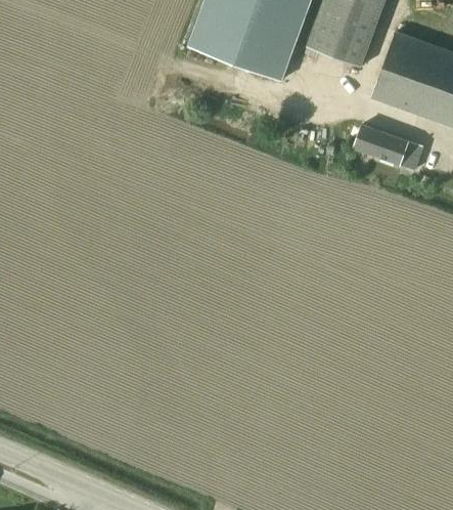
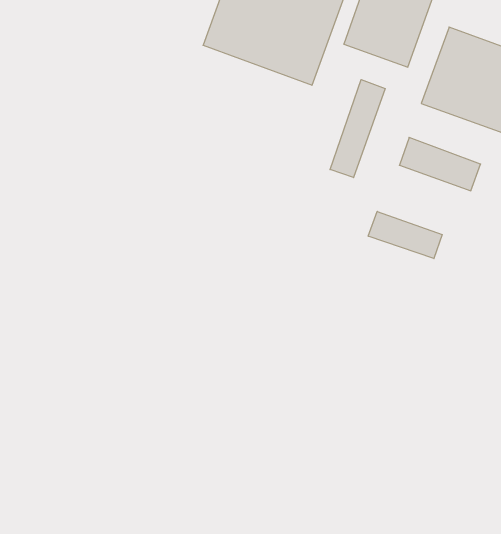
building: none -> [330,80,385,178]
building: none -> [368,211,442,259]

